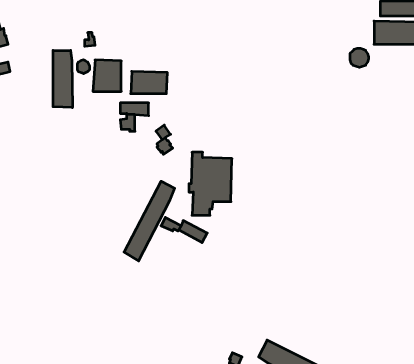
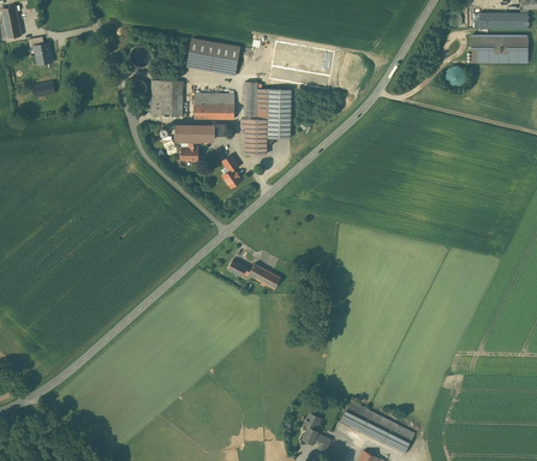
building: none -> [186,38,239,71]
building: [53,50,72,108] -> none
building: [189,152,232,215] -> [240,82,290,154]
building: [124,181,175,261] -> none

